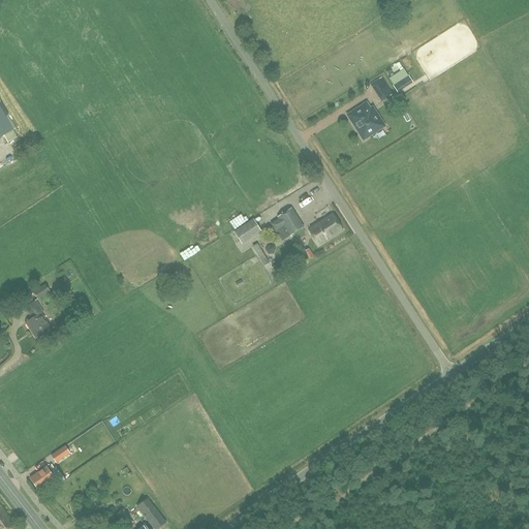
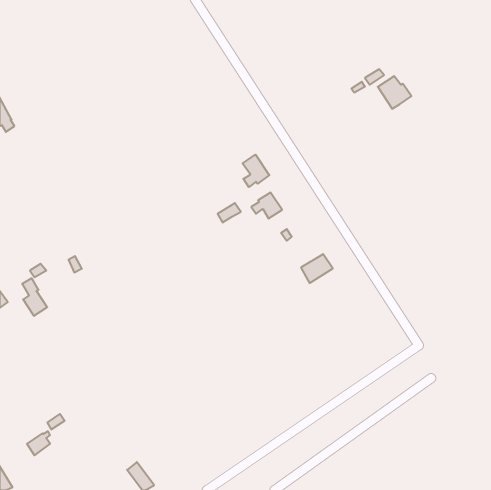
building: [347,102,383,137] -> [378,76,411,109]
building: none -> [243,155,269,187]
building: [308,213,342,244] -> [301,254,333,283]

